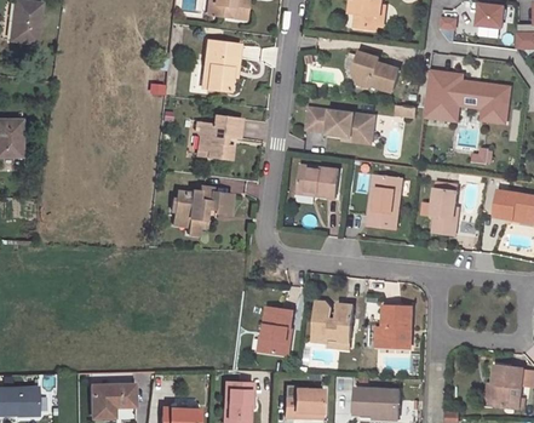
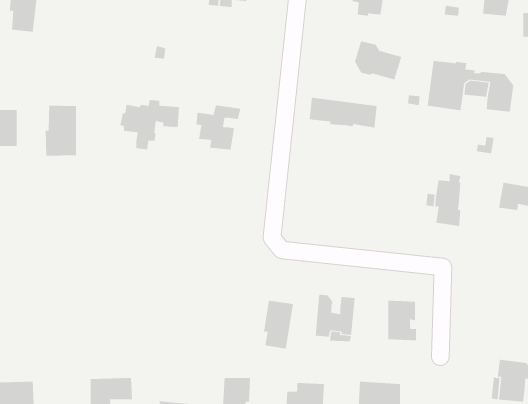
building: [205,41,240,91] -> none
building: none -> [45,105,77,157]
building: [298,164,340,198] -> none
building: [368,175,402,229] -> none
building: [171,185,230,235] -> [120,99,180,150]

